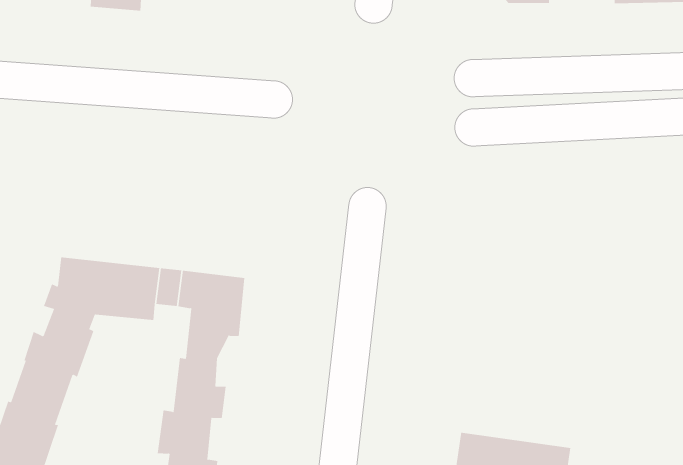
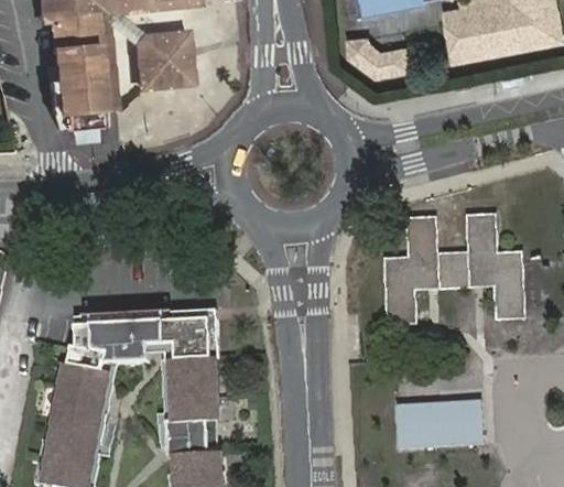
building: none -> [387,217,525,324]

